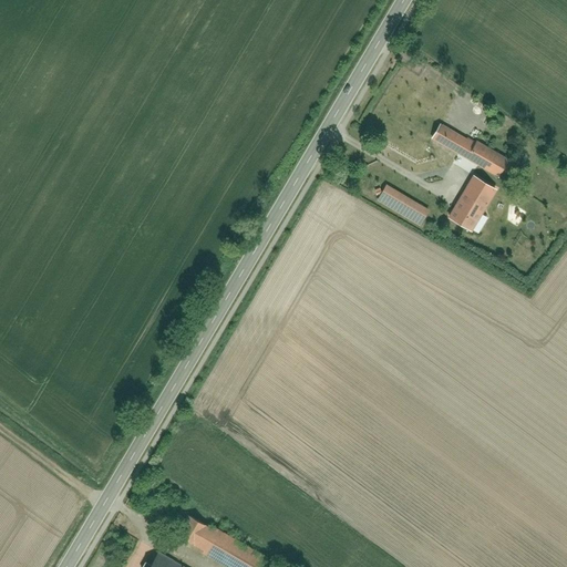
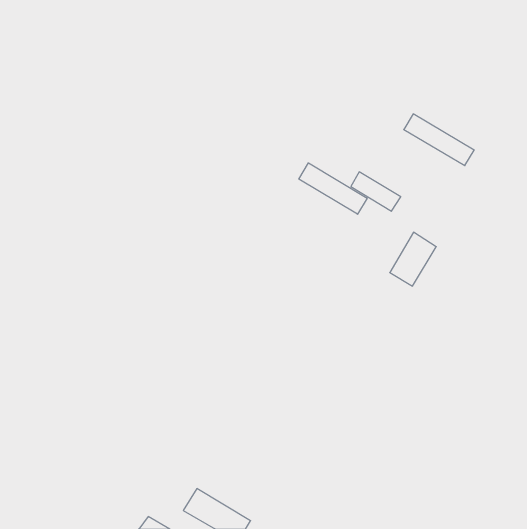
building: none -> [299,163,367,214]
building: [446,175,496,233] -> [390,232,436,286]

